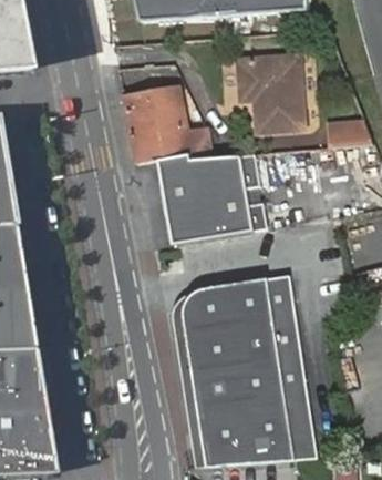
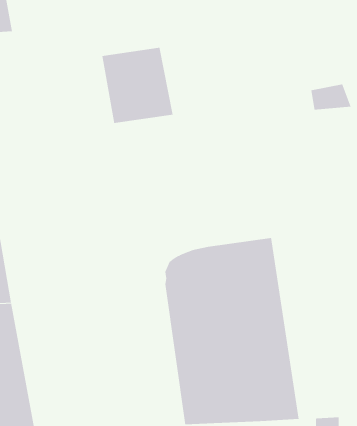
building: [241,57,306,130] -> none
building: [136,153,269,247] -> none

